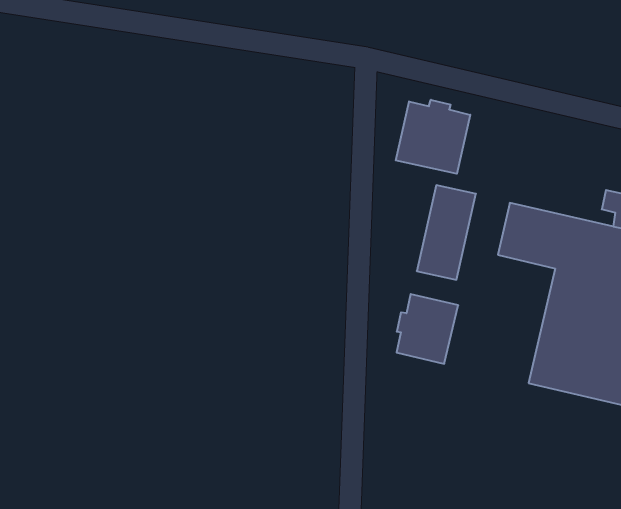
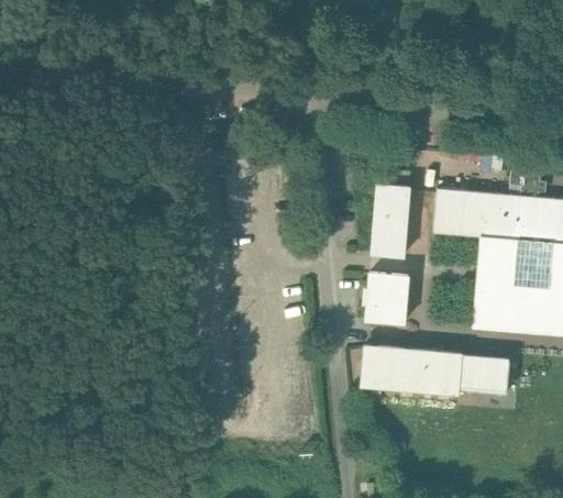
building: [396,100,470,174] -> none
building: none -> [361,345,509,394]

